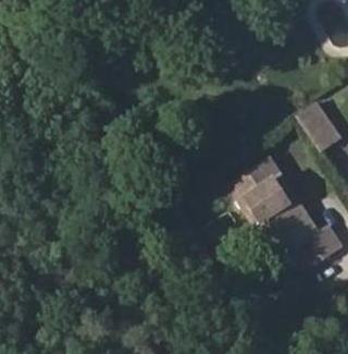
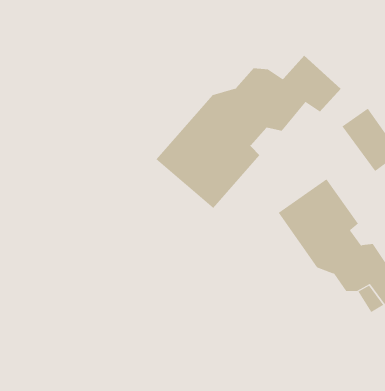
building: none -> [156,55,341,209]

